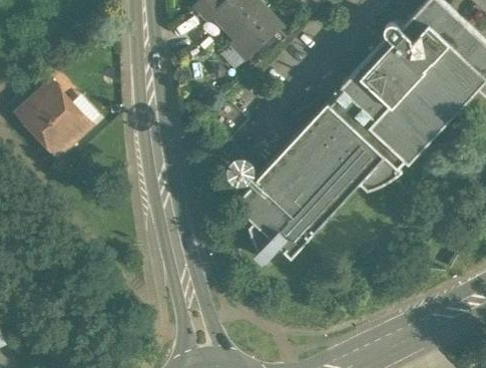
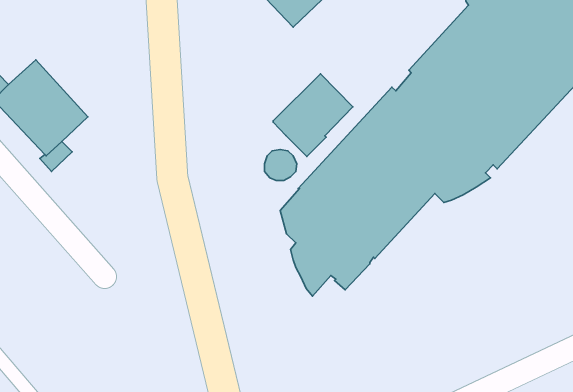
building: none -> [273,74,353,156]

